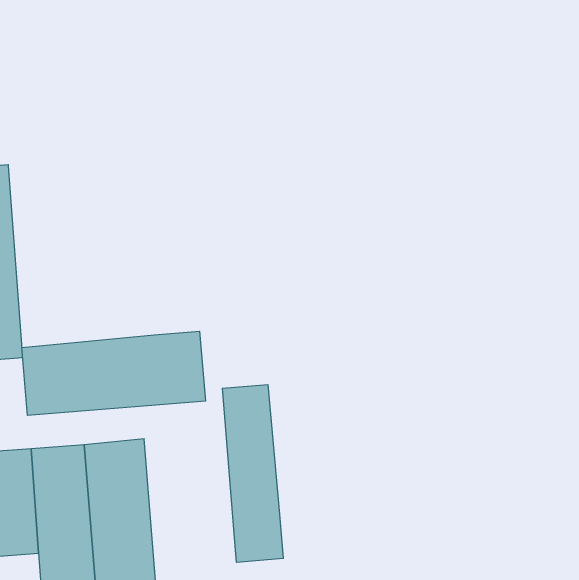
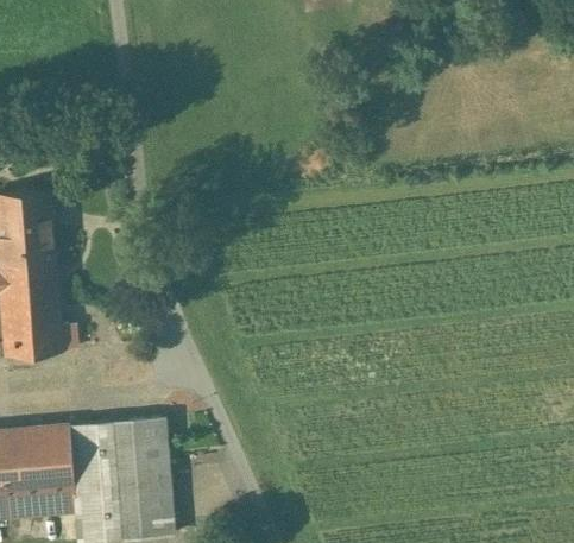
building: [22,331,205,415] -> none
building: [222,385,283,562] -> none

